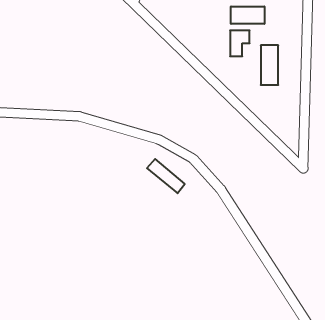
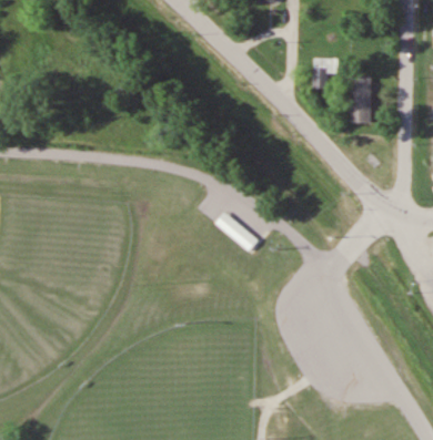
building: [231,6,264,24] -> none

